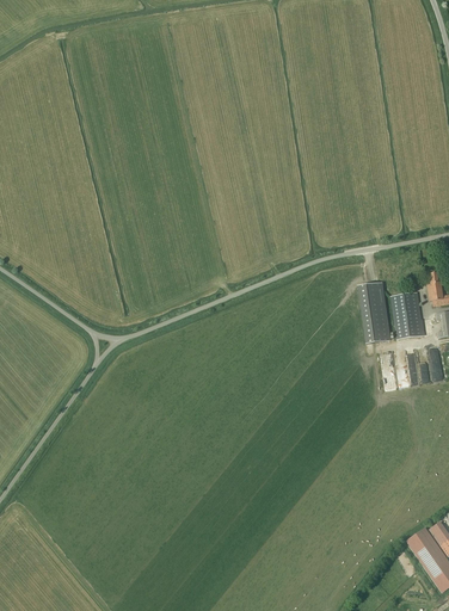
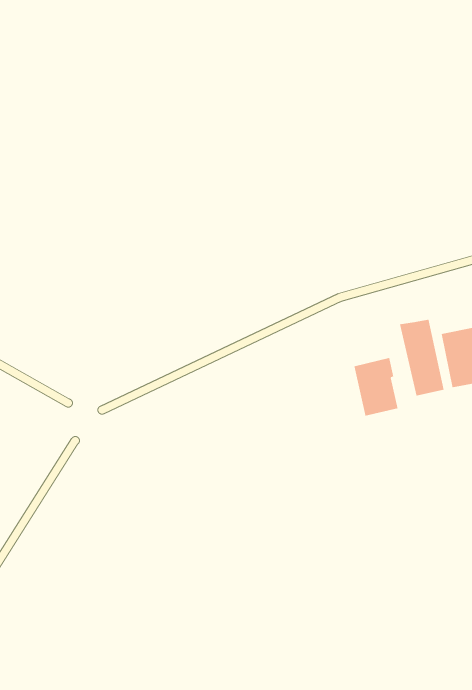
building: none -> [354,357,398,417]

